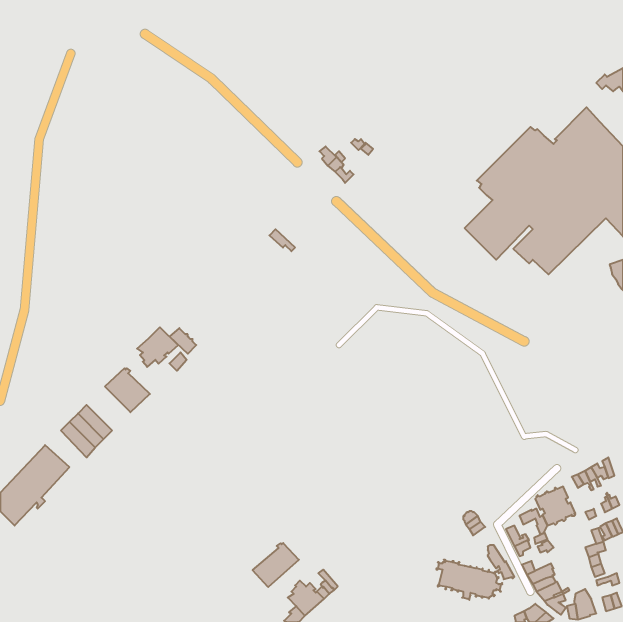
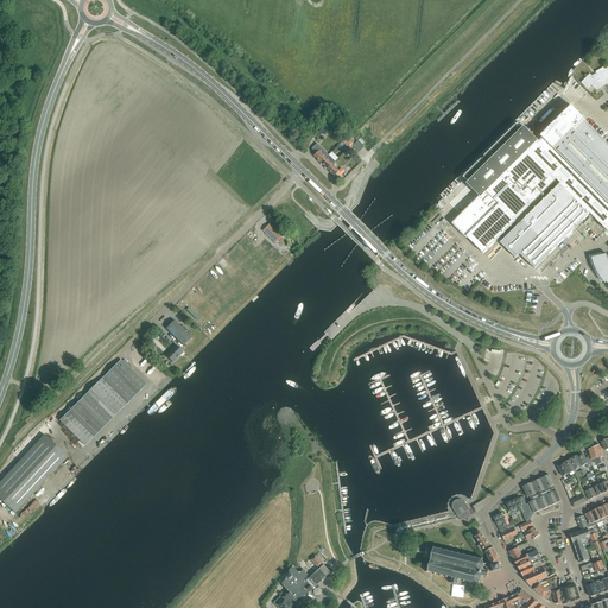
building: [137,327,178,367] -> none
building: none -> [84,376,127,419]
building: [253,543,299,587] -> none

